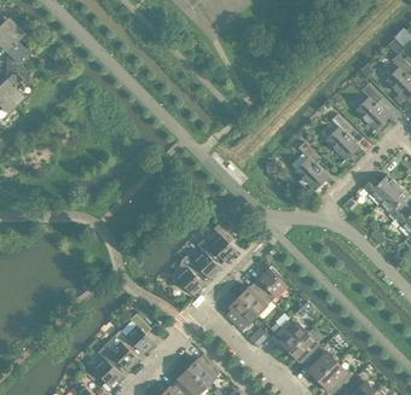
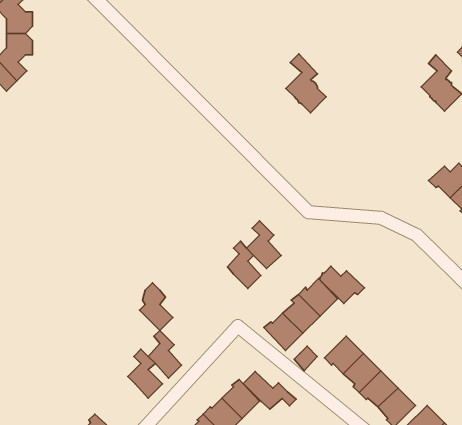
building: [325,114,359,159] -> none
building: [294,141,328,191] -> [286,54,326,113]
building: [176,255,204,295] -> [140,283,173,330]
building: none -> [319,266,365,304]
building: [93,347,122,387] -> none
building: none -> [243,372,296,409]

